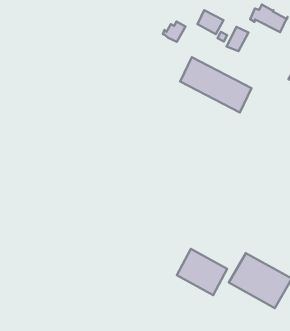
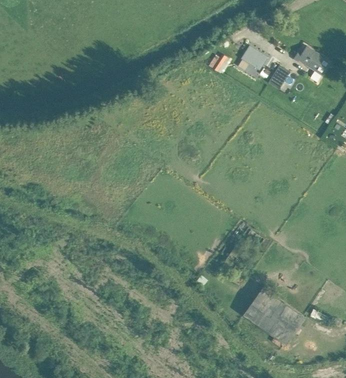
building: [180,57,251,112] -> none
building: [177,249,227,295] -> none

